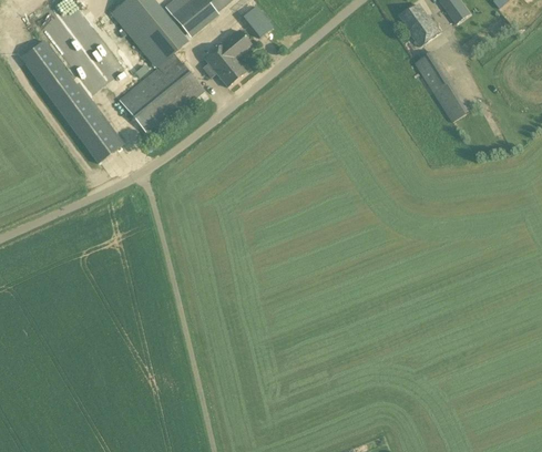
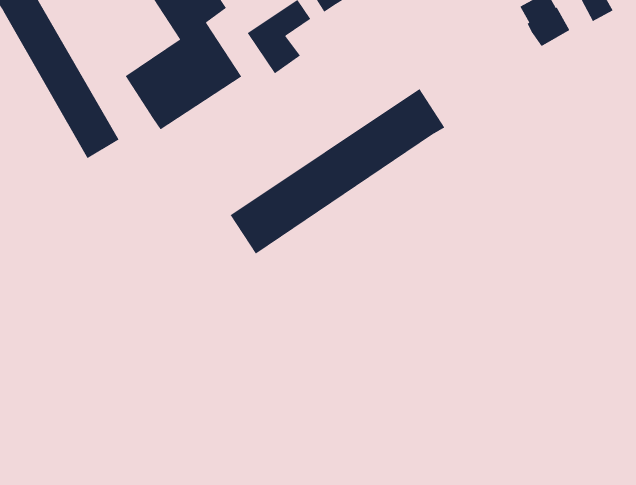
building: [413,49,471,121] -> none
building: none -> [230,88,445,254]

